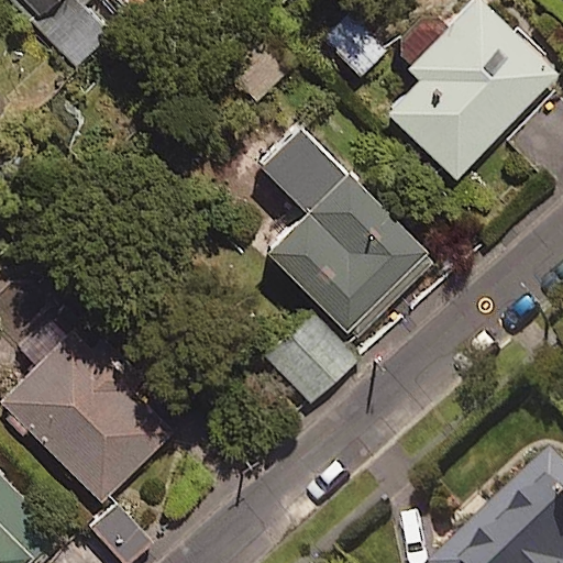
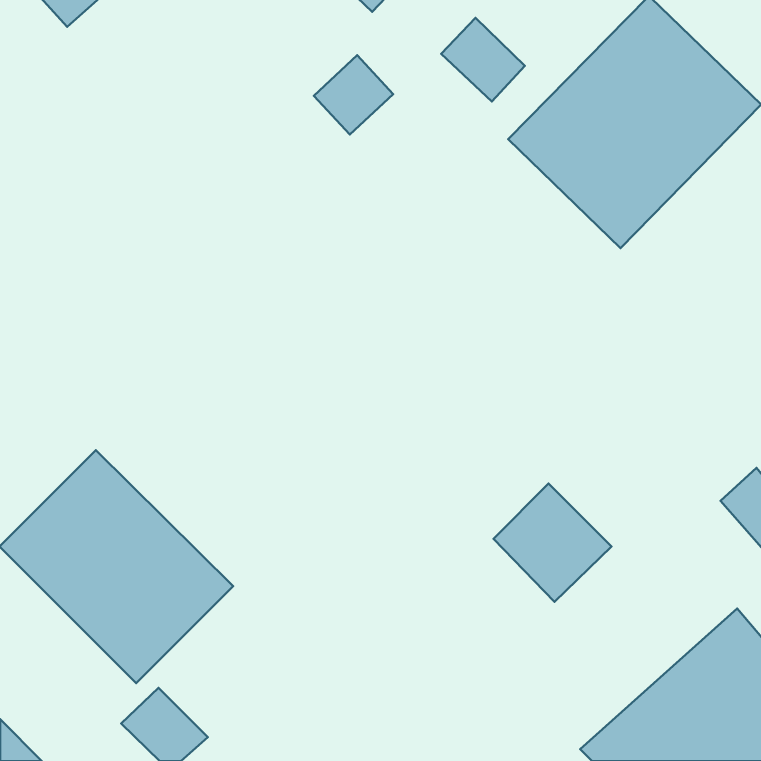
building: [261,130,429,340] -> none
building: [266,314,353,401] -> [493,484,611,602]

